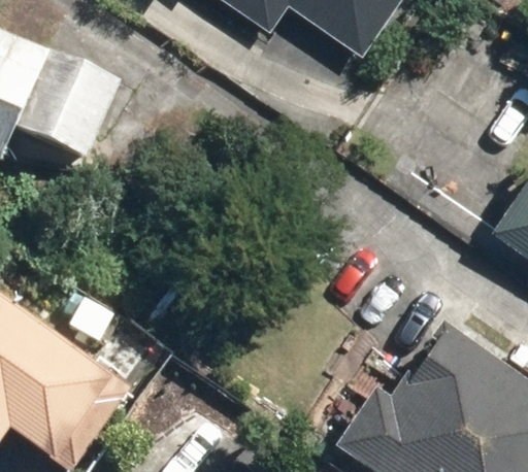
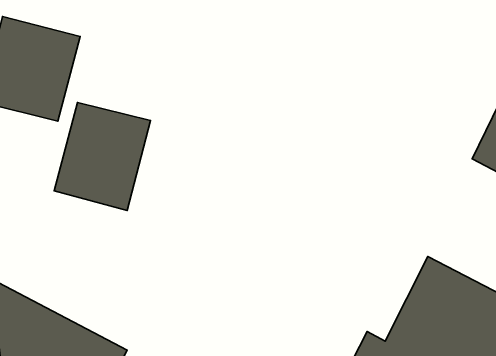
building: none -> [54,102,150,210]

